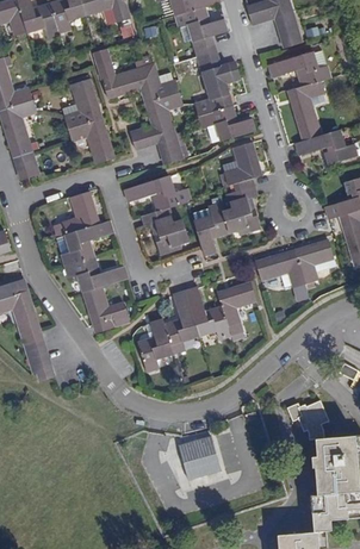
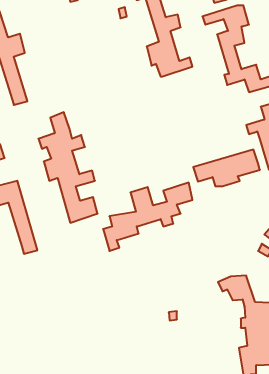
building: [94,51,187,164] -> none
building: [63,76,112,164] -> none
building: [191,141,261,254] -> none
building: [124,175,192,254] -> none
building: [176,435,223,488] -> none

